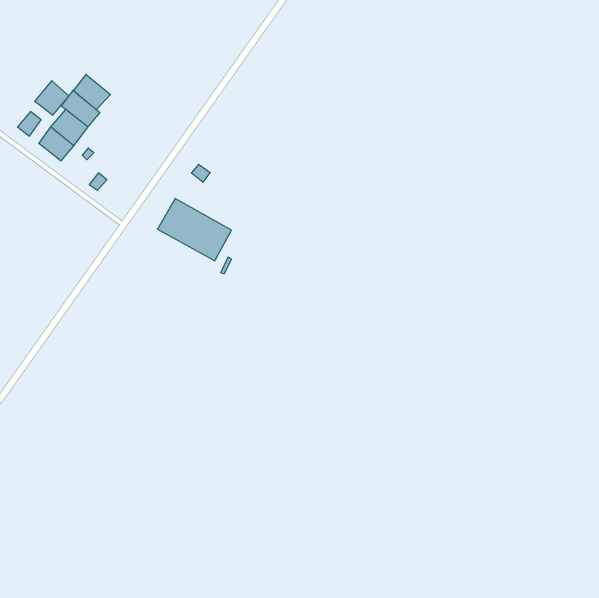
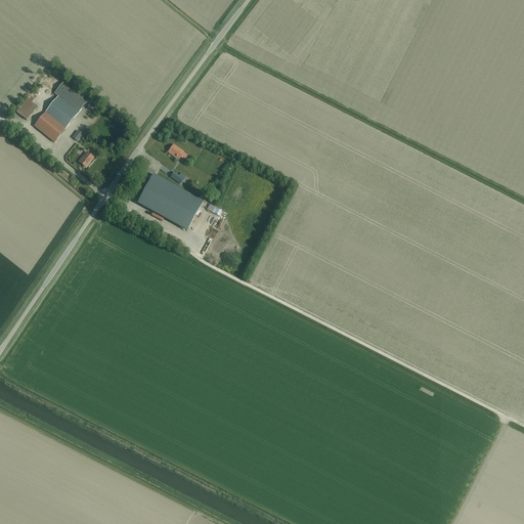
building: [73,74,110,110] -> none
building: [35,81,69,115] -> none

